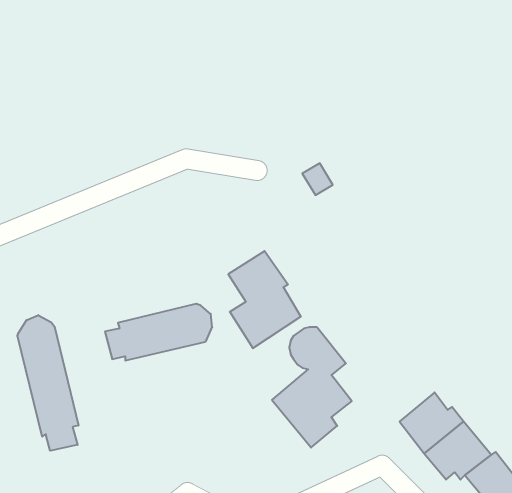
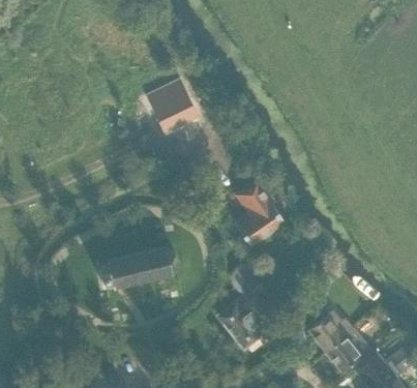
building: none -> [147,80,200,136]
building: [228,251,301,348] -> [235,179,287,248]
building: [18,315,78,451] -> none

